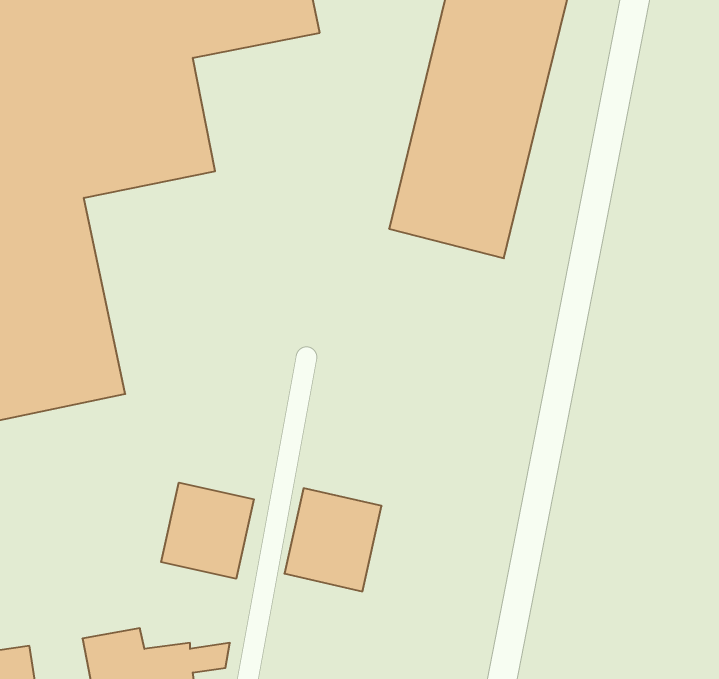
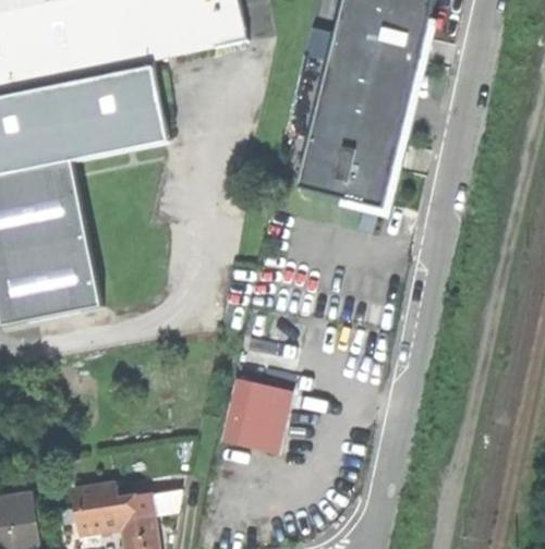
building: [161,483,254,579] -> none

